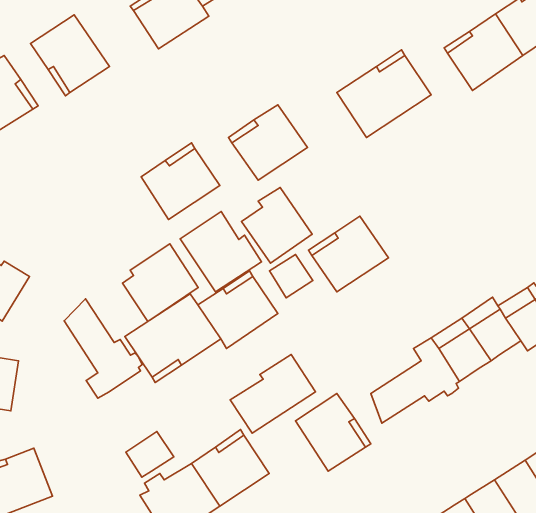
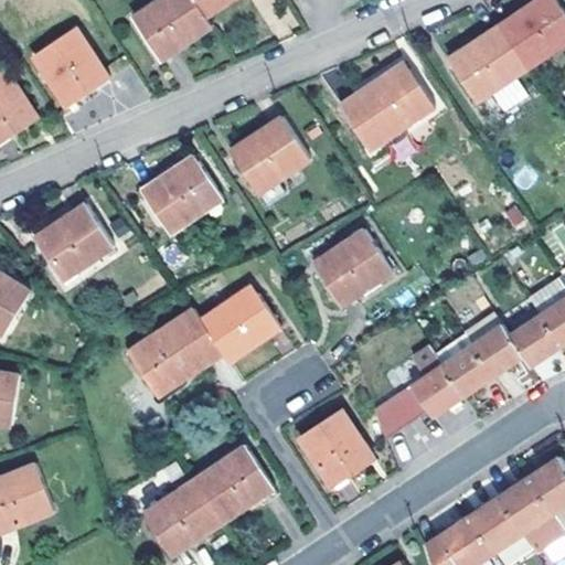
building: [242,187,312,263] -> none
building: [180,211,261,292] -> none
building: [123,244,198,322] -> [38,202,114,280]
building: [270,254,313,298] -> none
building: [64,299,142,398] -> none
building: [230,355,315,433] -> none
building: [126,432,174,477] -> none

